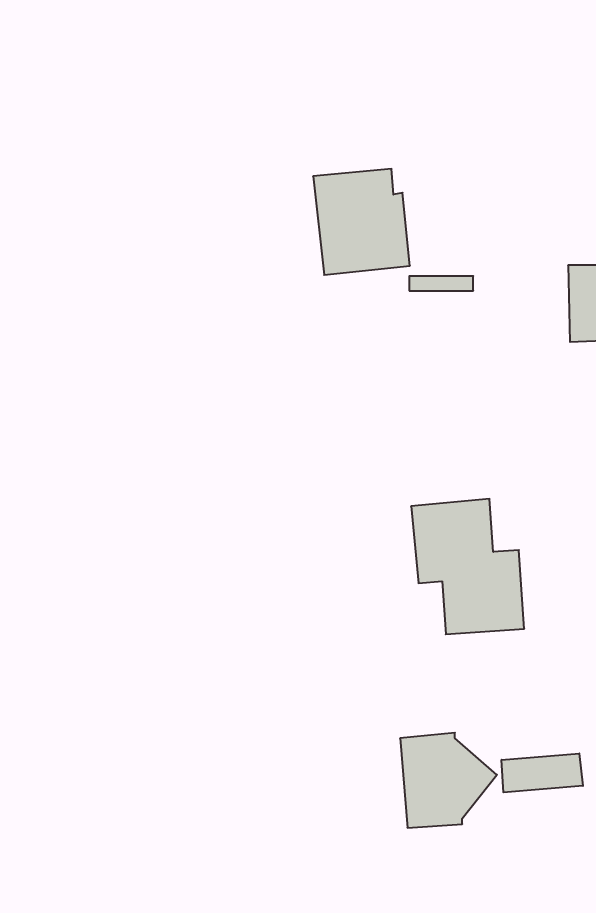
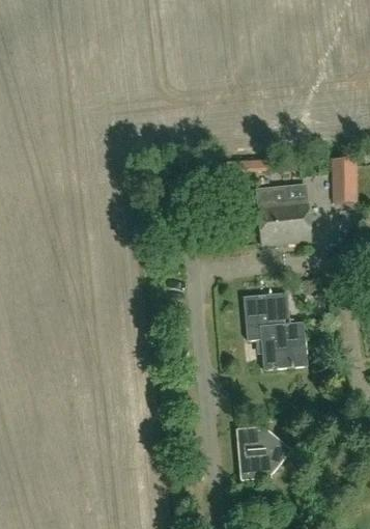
building: [313,169,410,275] -> [256,184,311,244]
building: [502,753,583,792] -> none

